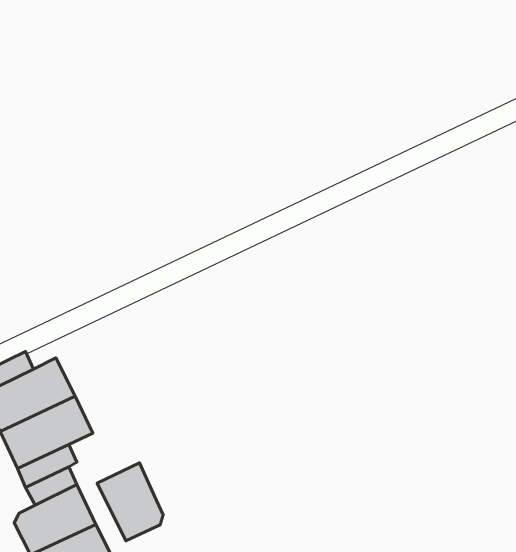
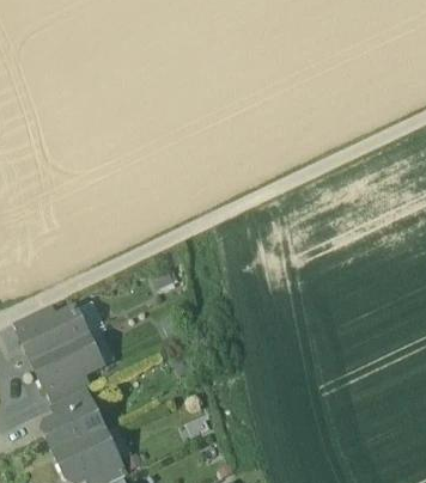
building: [97,463,163,541] -> none

